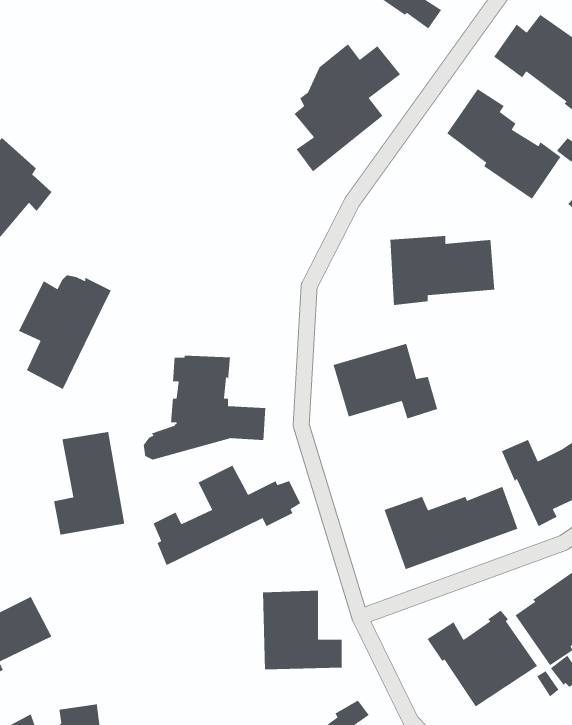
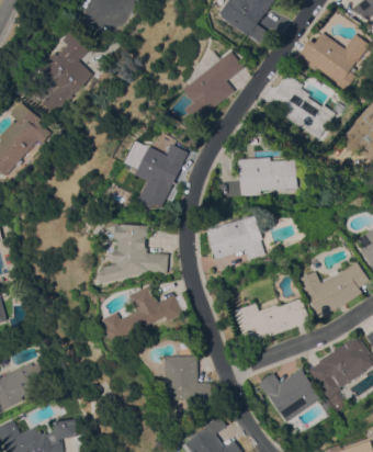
building: none -> [38,32,91,115]
building: [18,274,112,390] -> [135,143,188,207]
building: [53,431,125,536] -> none

